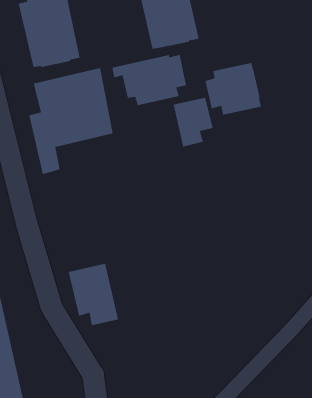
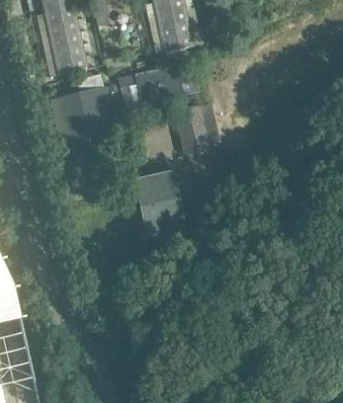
building: [205,62,261,115] -> none
building: [68,263,119,326] -> [136,169,184,229]

